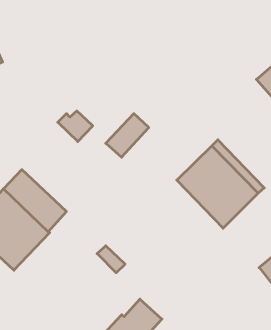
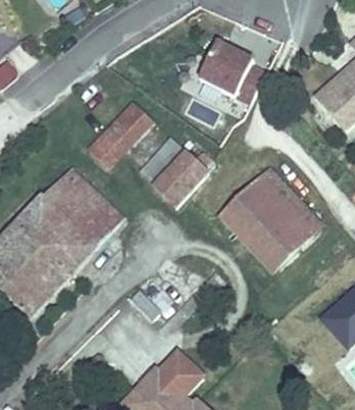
building: none -> [197,39,259,102]
building: none -> [104,101,152,150]
building: none -> [154,151,214,207]
building: none -> [40,170,120,250]

